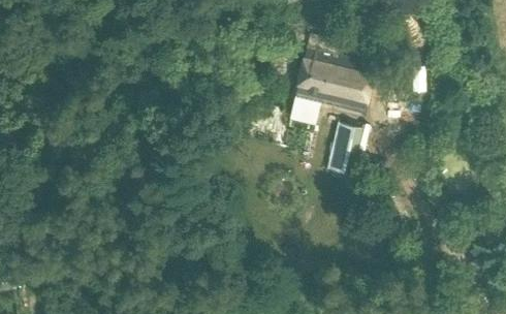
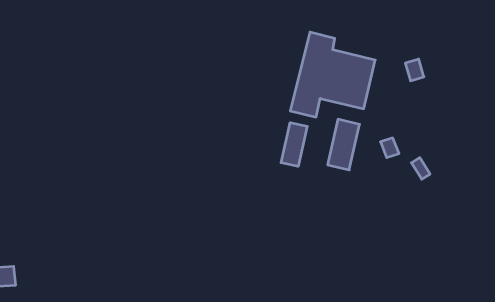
building: none -> [281,123,307,166]

